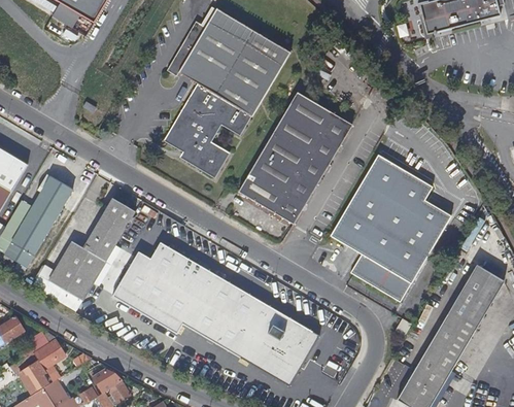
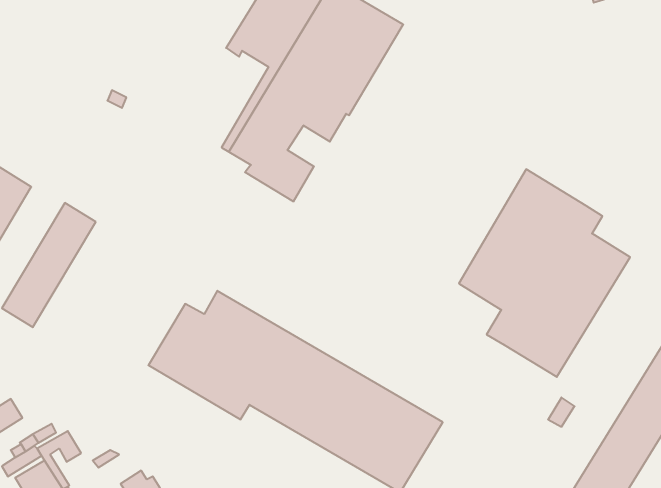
building: [236,92,350,225] -> none
building: [47,196,135,299] -> none

